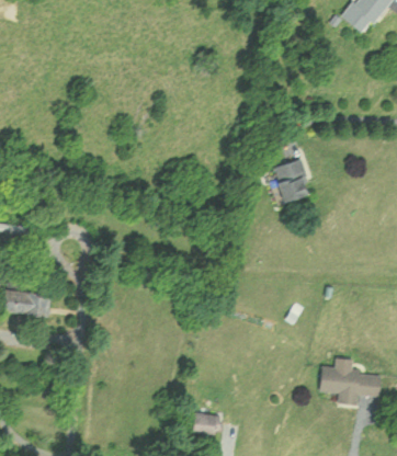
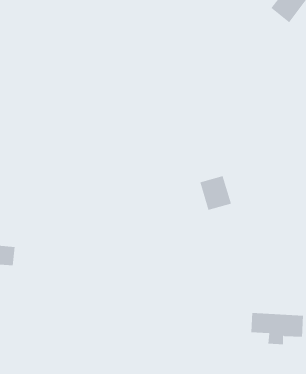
building: [272,160,309,201] -> [199,175,232,211]
building: [192,414,220,433] -> none

